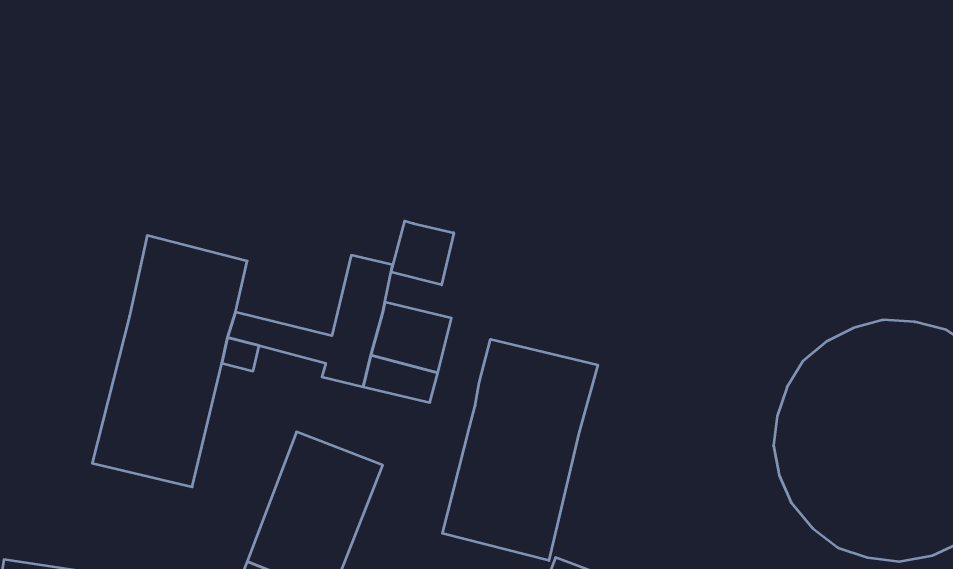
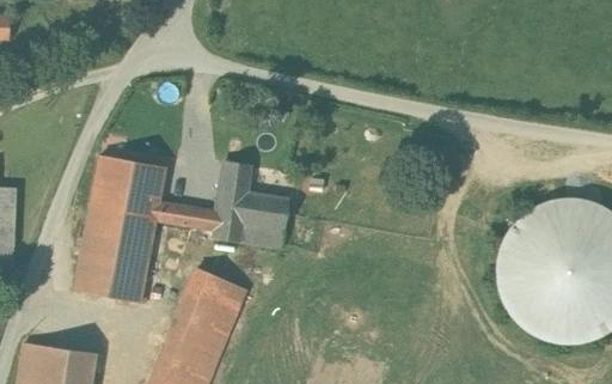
building: [391,221,454,285] -> none
building: [442,339,598,561] -> none

